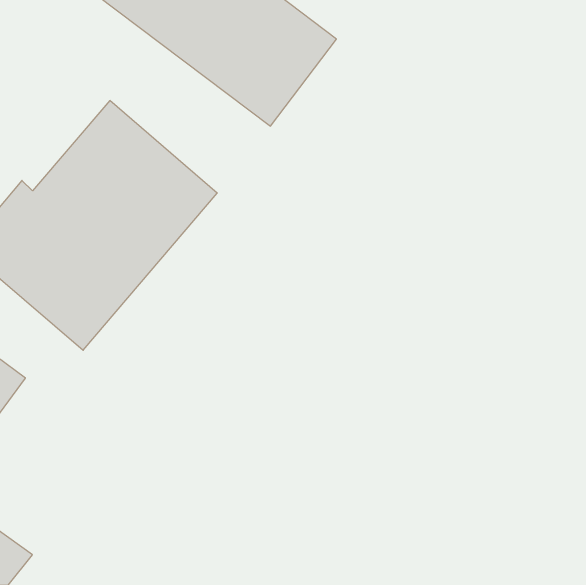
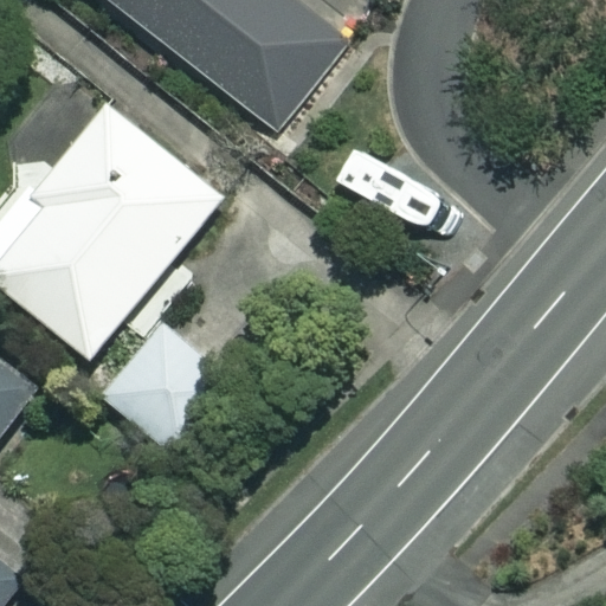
building: none -> [107,323,236,451]

